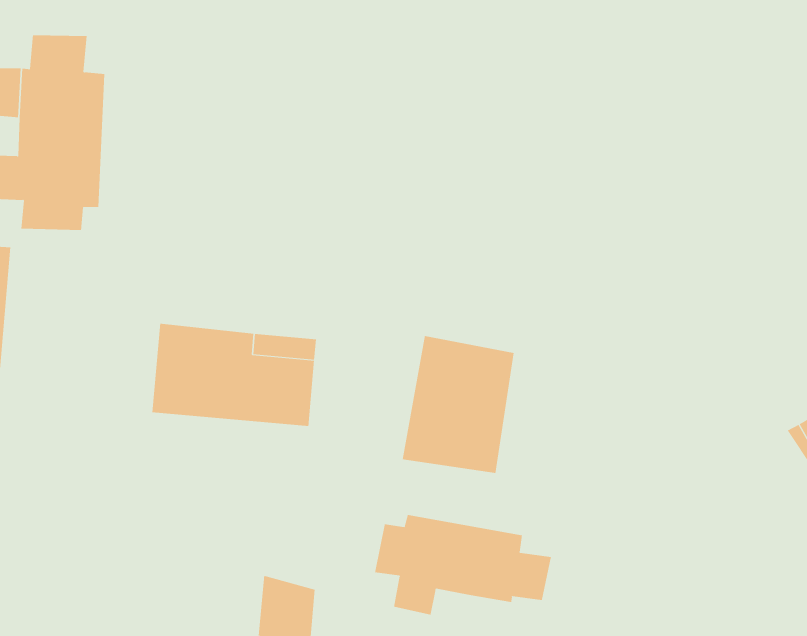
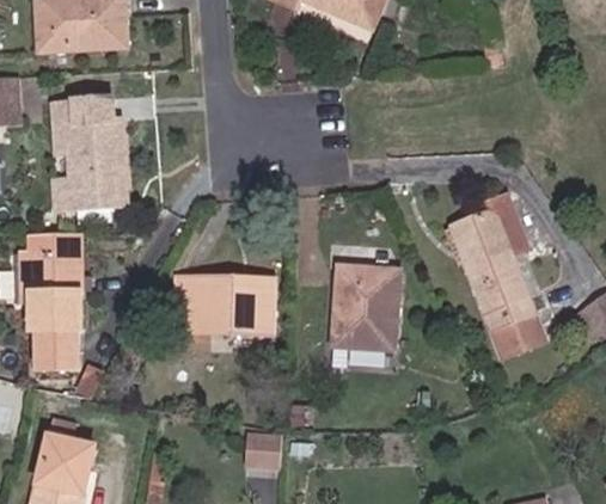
building: none -> [452,192,543,350]
building: [374,514,551,615] -> none

